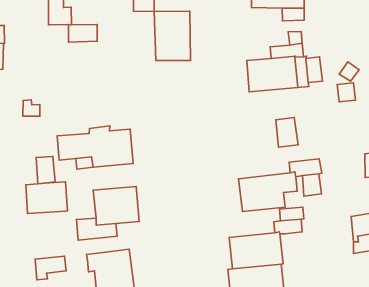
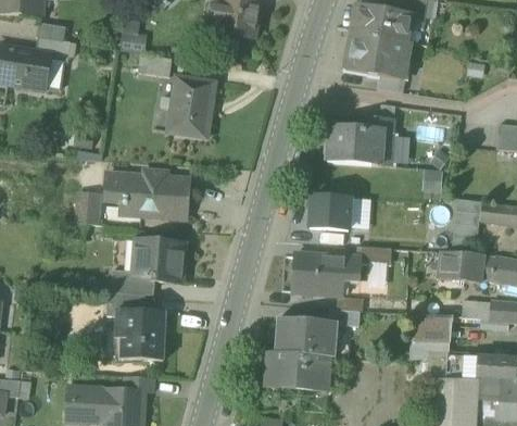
building: [154,11,190,61] -> [167,76,214,137]
building: none -> [310,193,350,230]
building: [26,182,67,214] -> none
building: [35,256,66,280] -> [104,291,139,315]

